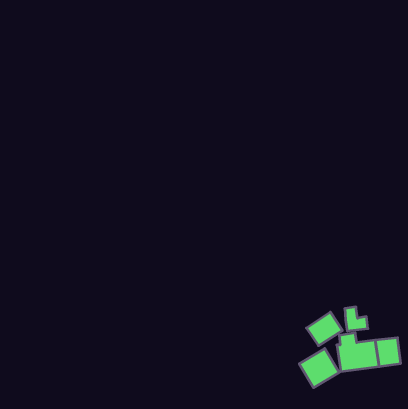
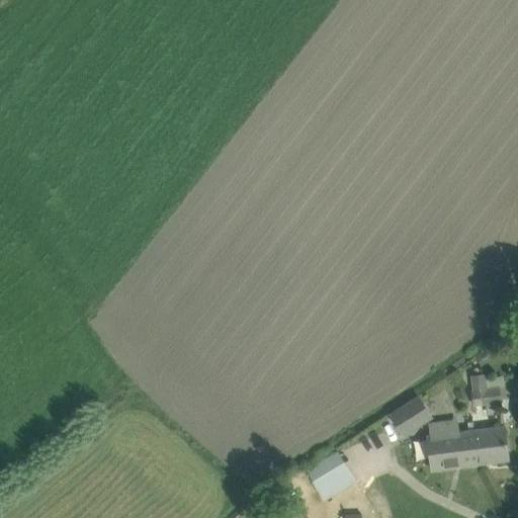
building: [345,307,368,331] -> [470,374,500,405]
building: [299,348,339,388] -> [305,451,355,501]

